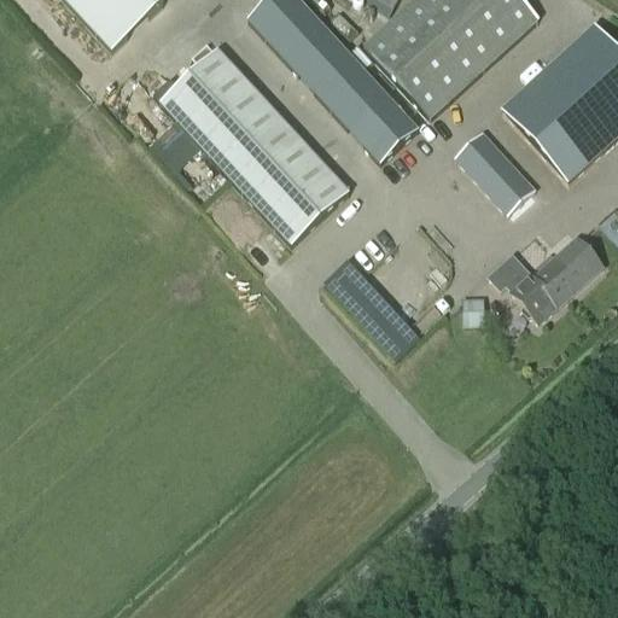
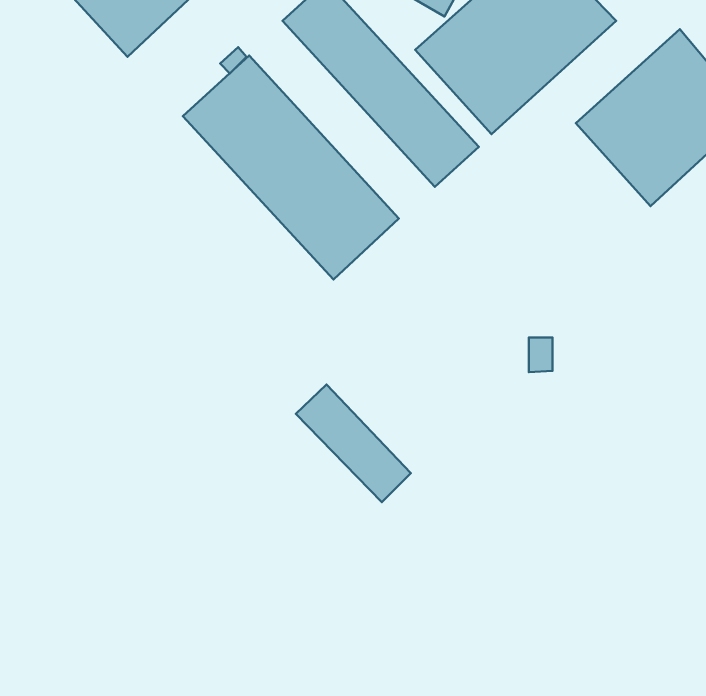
building: [455,132,535,214] -> none
building: [488,237,601,317] -> none
building: [325,256,425,358] -> [296,385,411,502]

